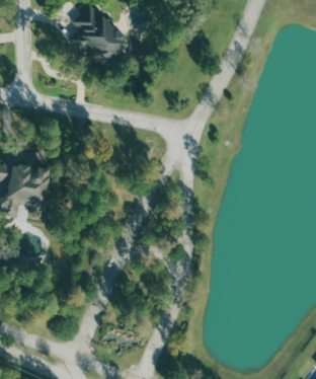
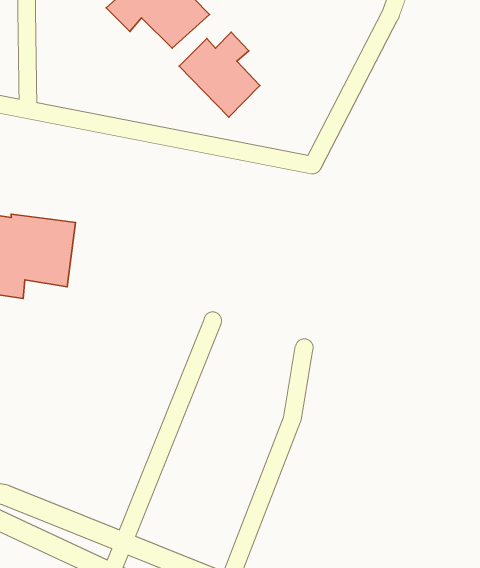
building: none -> [179,32,260,117]

